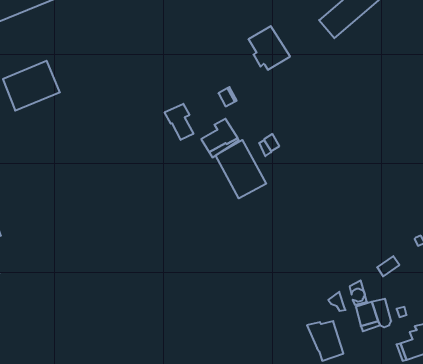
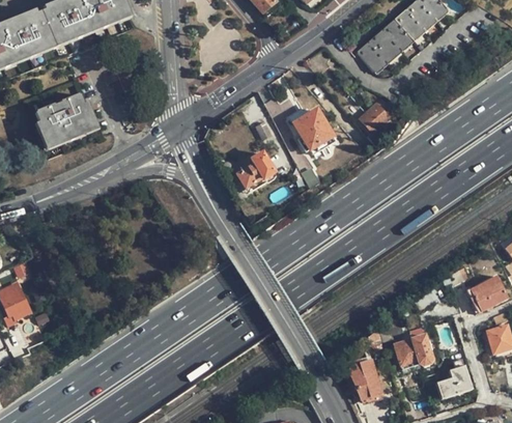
building: [248,26,290,70] -> [293,109,336,153]
building: none -> [360,104,389,132]
building: [165,104,193,140] -> none
building: [216,140,266,198] -> none

